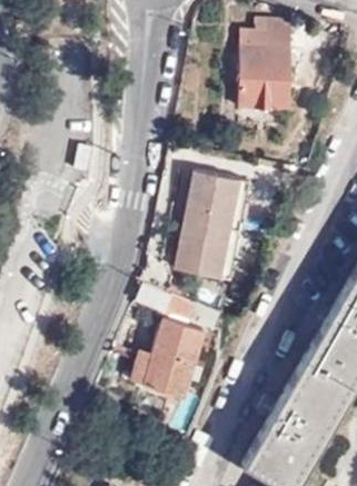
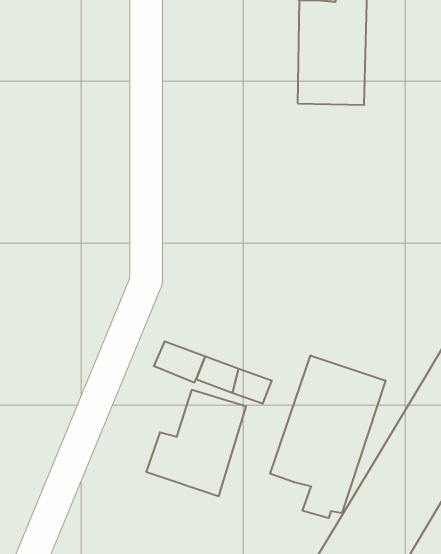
building: [173,172,247,281] -> none
building: none -> [270,355,385,518]

